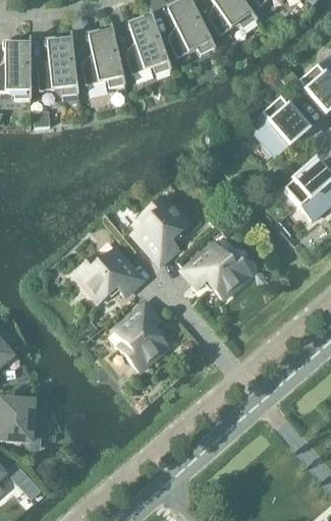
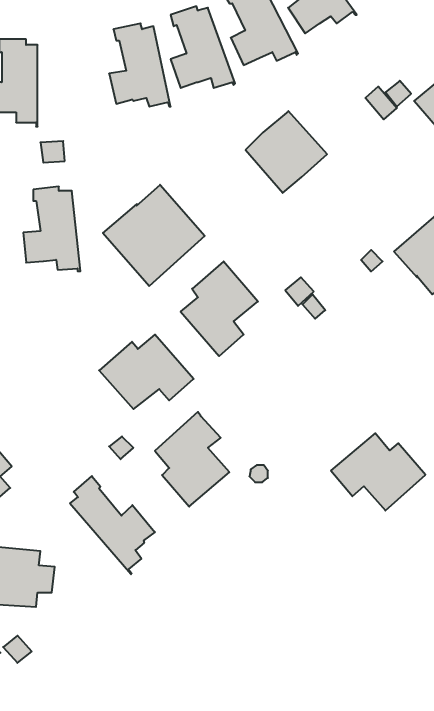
building: [38,35,78,95] -> [23,187,80,271]
building: [250,98,308,156] -> [246,111,327,193]
building: none -> [103,185,205,286]
building: [183,242,251,297] -> [331,433,425,511]
building: none -> [70,476,155,574]

